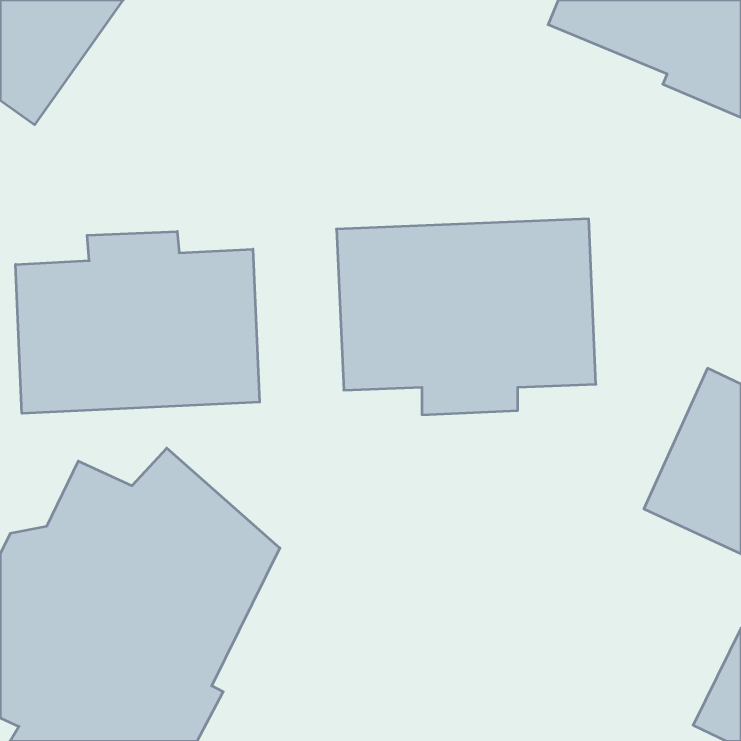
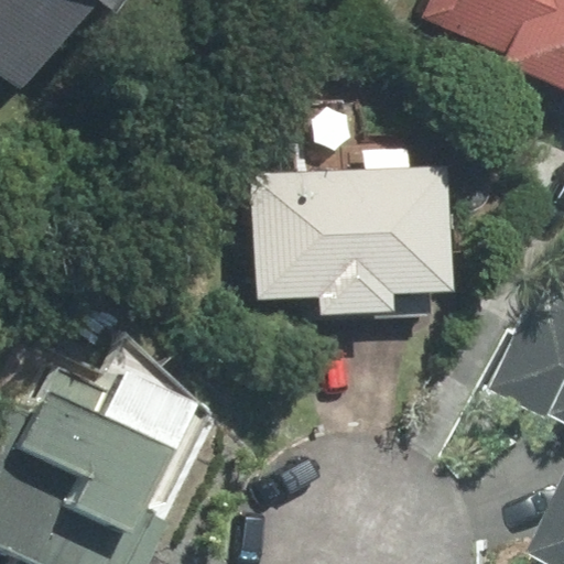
building: [16,231,260,413] -> none

